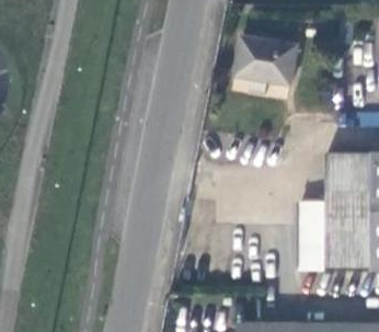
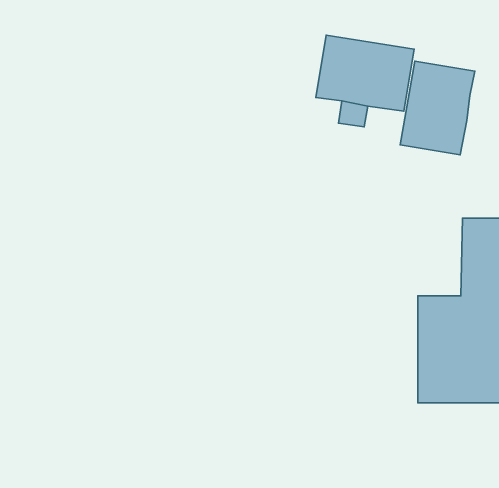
building: none -> [400,61,475,155]

